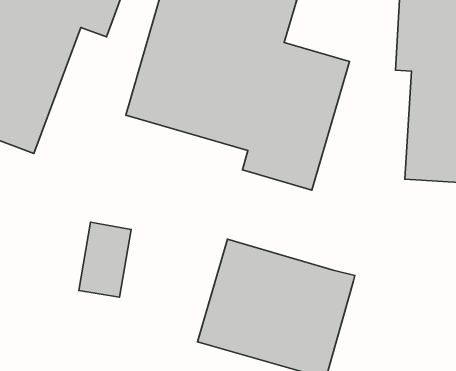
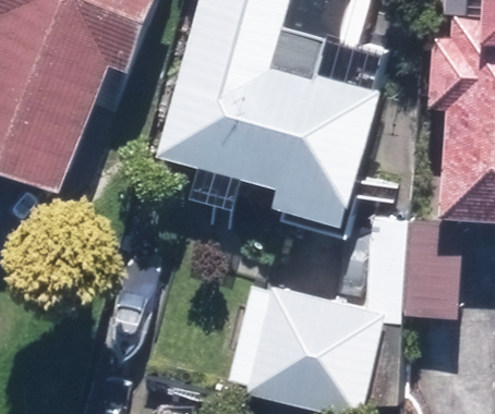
building: none -> [366,217,464,321]

